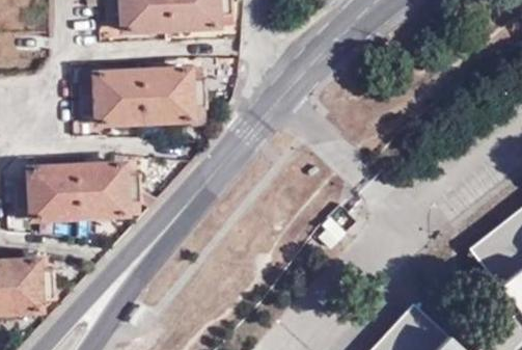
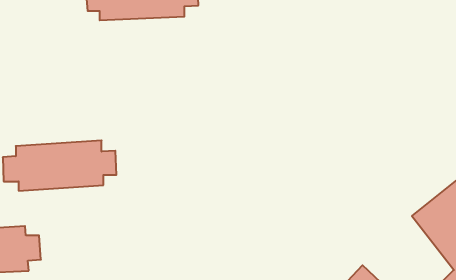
building: [81,70,204,123] -> none

